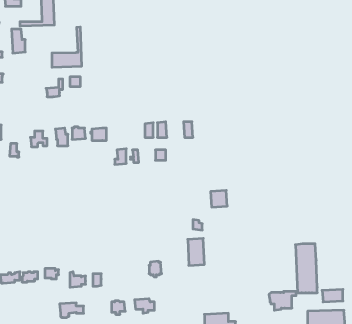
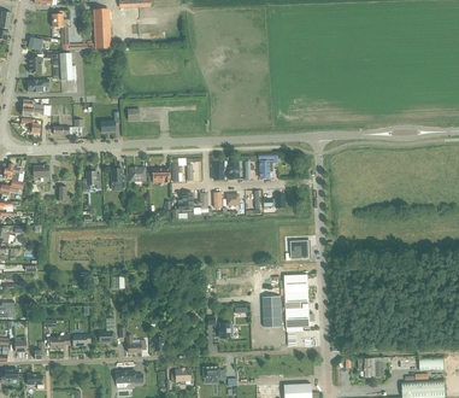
building: [52,27,81,67] -> none
building: [295,244,317,293] -> [283,274,308,330]

